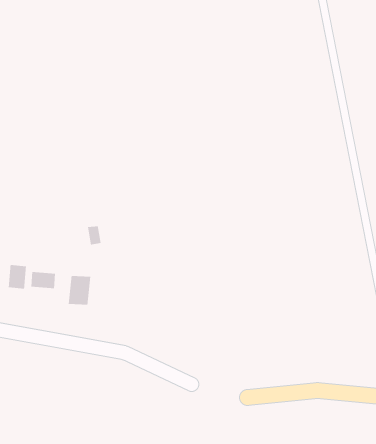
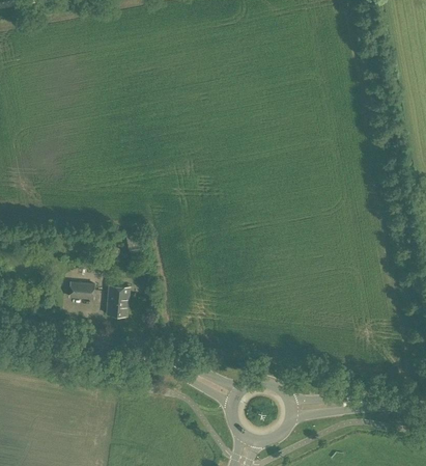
building: [8,264,26,290] -> none

